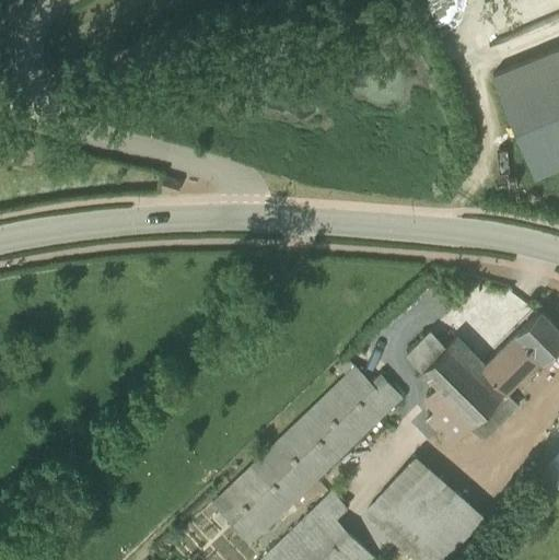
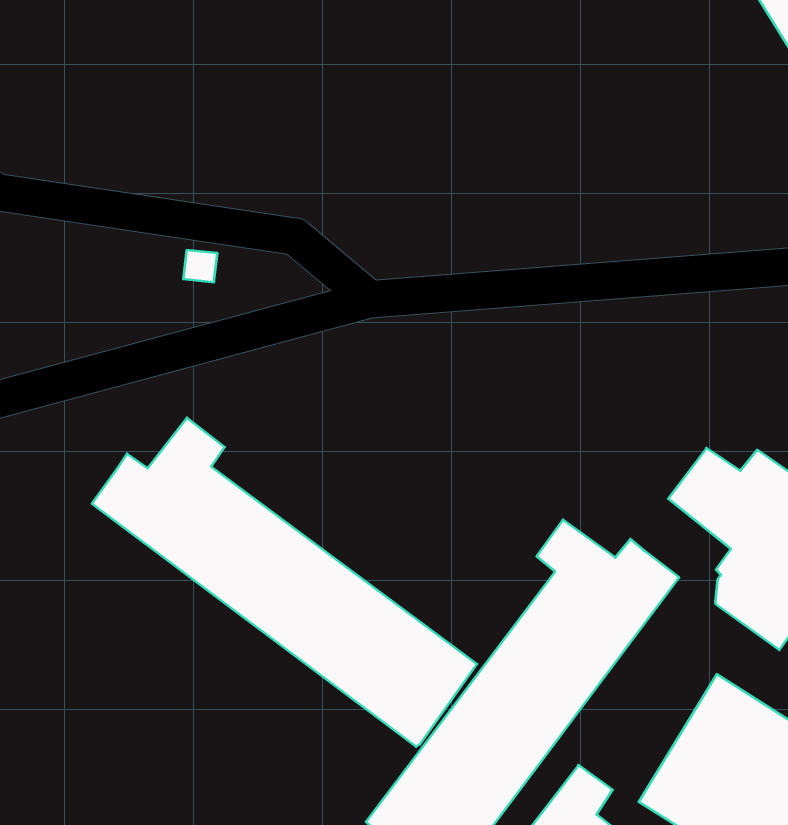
building: none -> [92,418,477,747]

